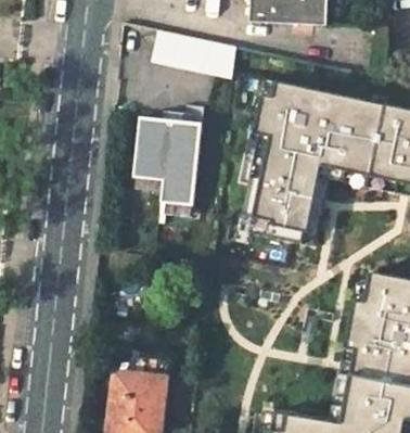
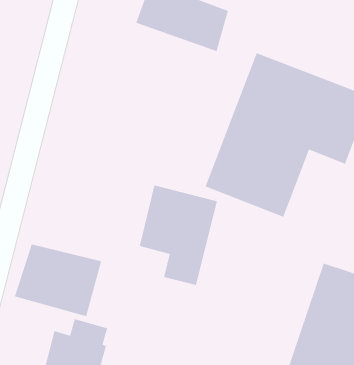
building: [136,115,204,205] -> [139,185,218,286]
building: none -> [14,244,102,317]

